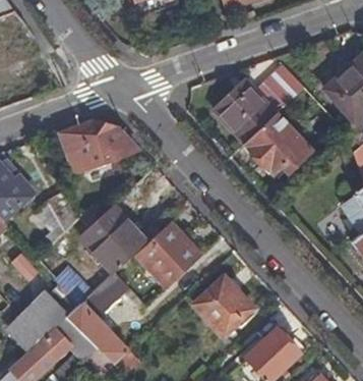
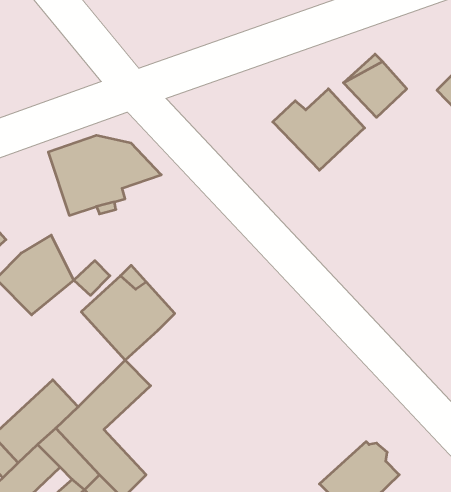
building: [246,113,312,172] -> none
building: [137,222,202,283] -> none
building: [193,274,252,332] -> none

